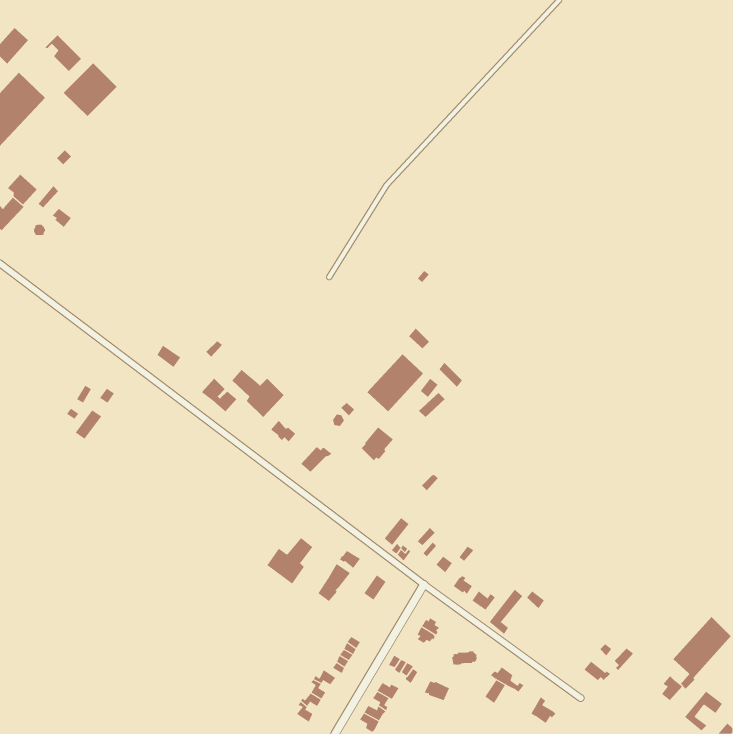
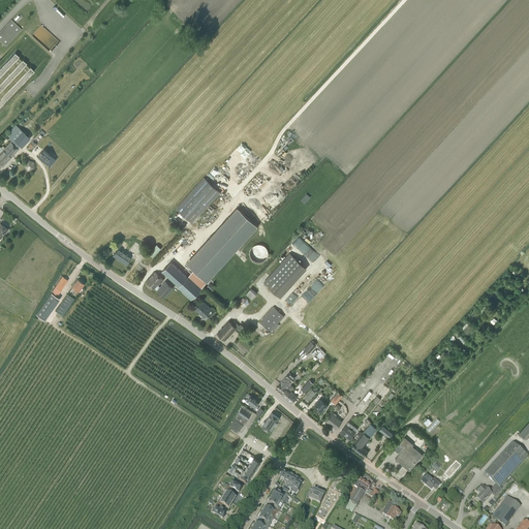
building: [63,62,118,117] -> none
building: none -> [175,178,219,223]
building: none -> [188,210,256,282]
building: [267,537,313,584] -> none
building: none -> [394,437,422,470]

